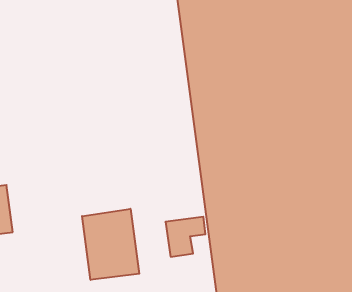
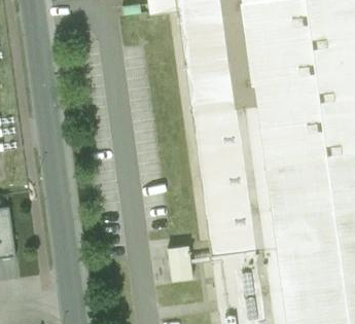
building: [82,209,139,280] -> none

